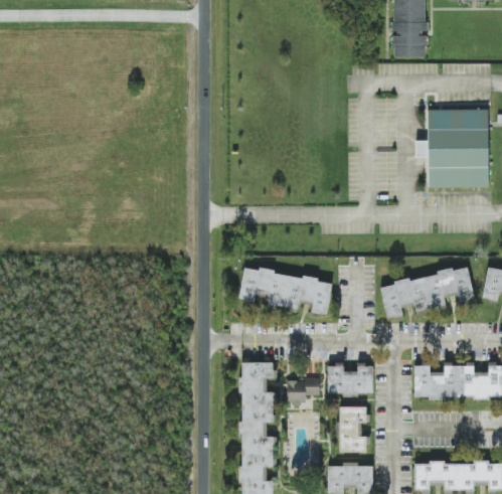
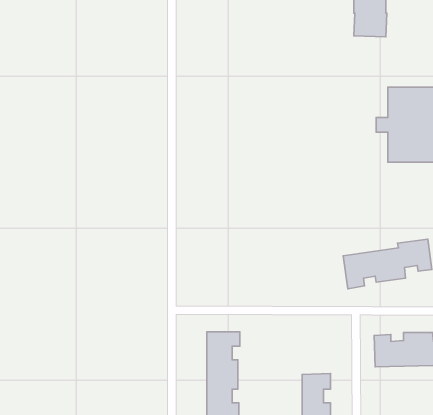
building: [239,268,332,314] -> none
building: [328,364,373,394] -> none
building: [288,379,320,403] -> none

